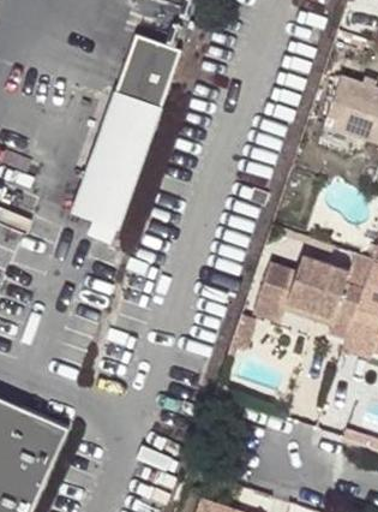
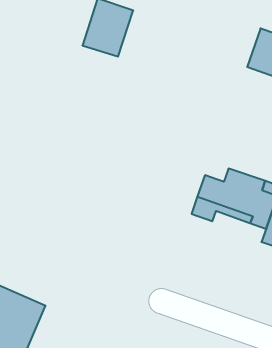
building: [73,96,158,230] -> none

